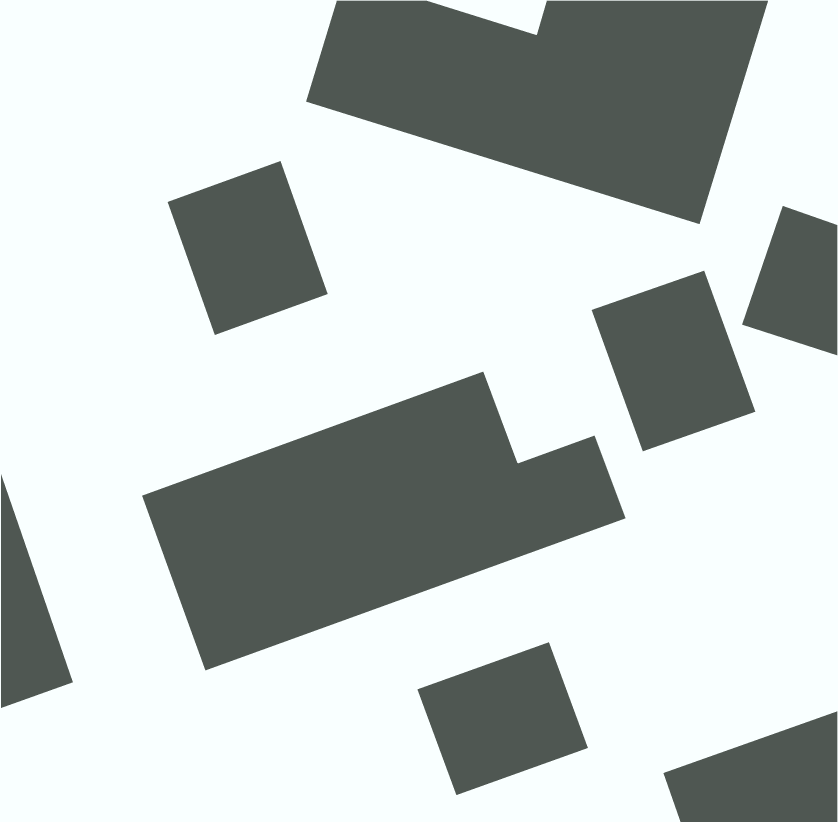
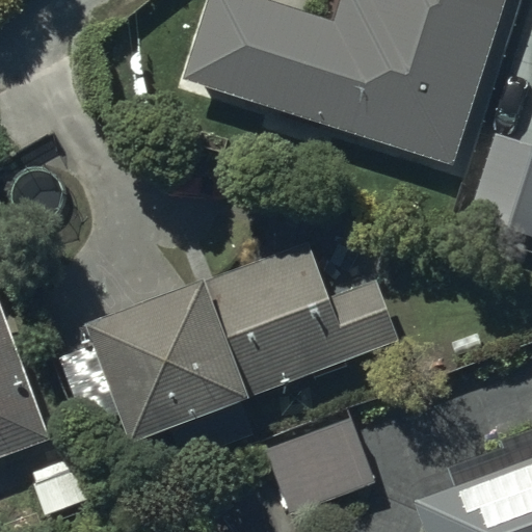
building: [167,160,329,336] -> none
building: [591,270,756,452] -> none

